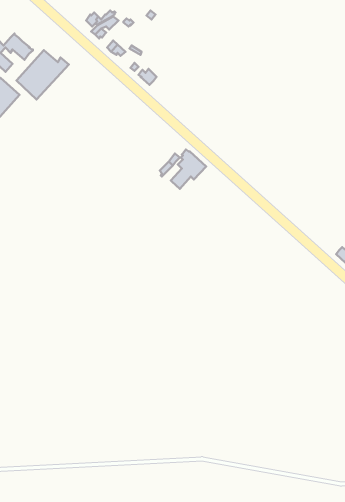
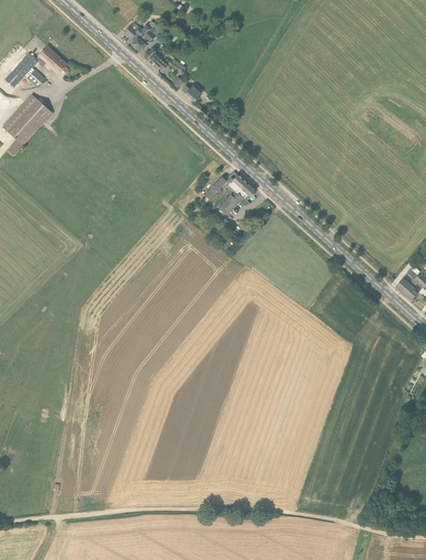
building: [17,50,69,99] -> none

